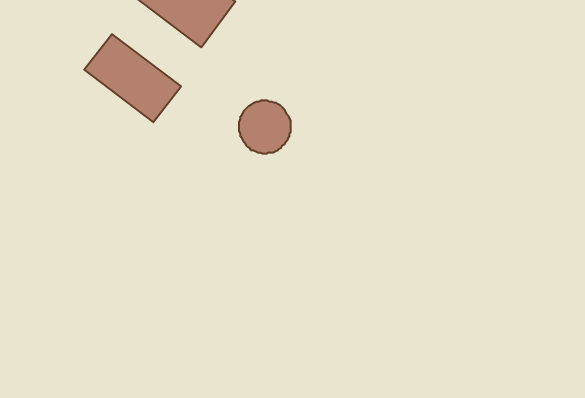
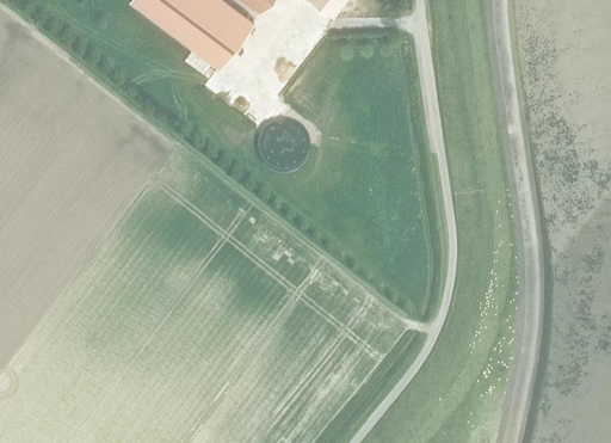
building: [84,34,181,122] -> none

